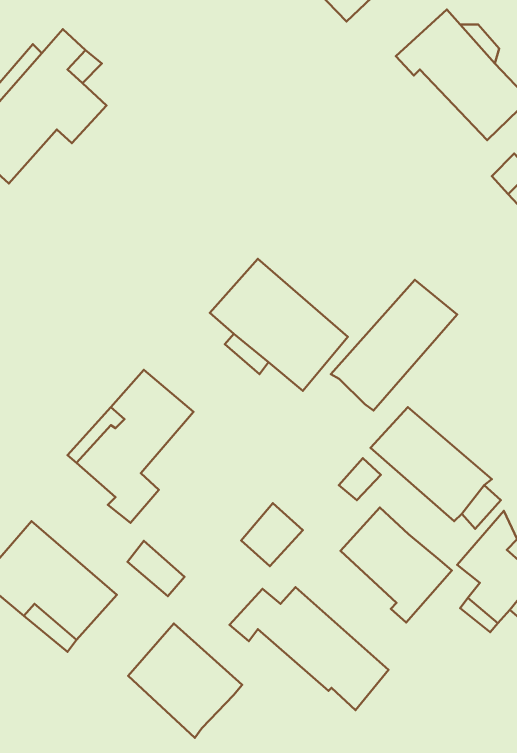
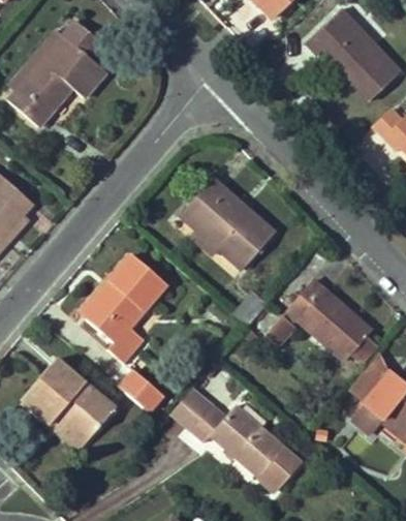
building: [331,280,457,411] -> none
building: [241,503,303,566] -> [171,388,214,431]
building: [340,507,452,623] -> none
building: [128,623,242,738] -> none

